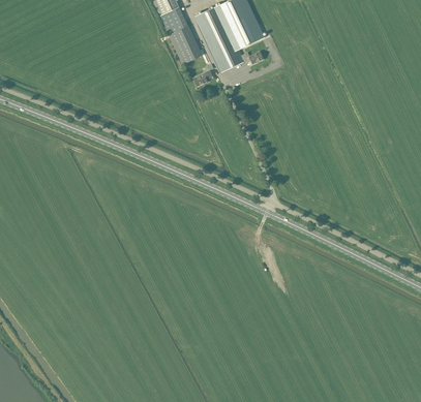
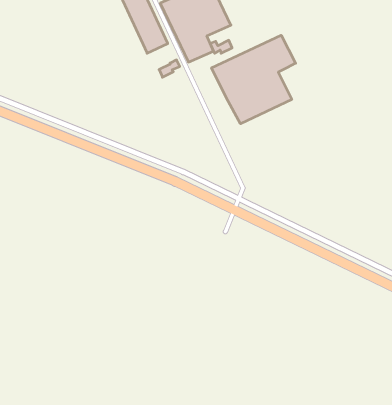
building: none -> [212,35,296,124]

